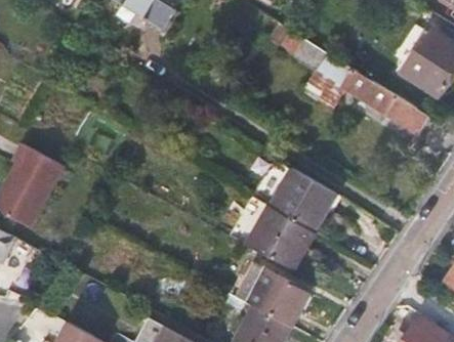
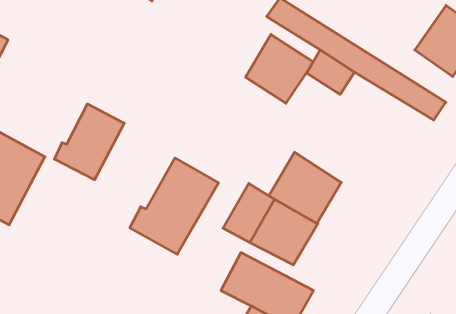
building: none -> [246,34,313,103]
building: none -> [54,104,124,180]
building: none -> [130,158,218,254]

